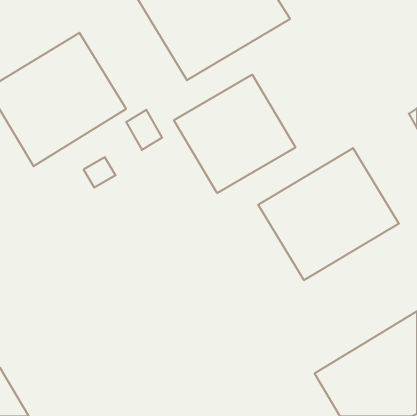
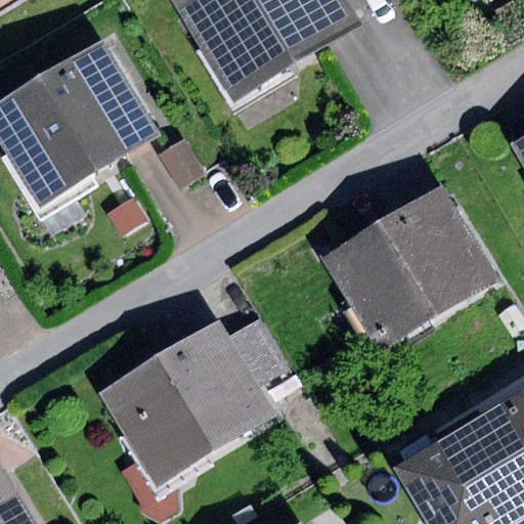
building: [174,75,295,193] -> none
building: none -> [99,321,274,484]

